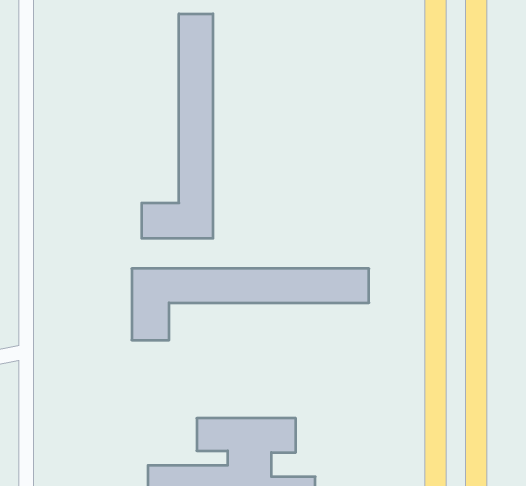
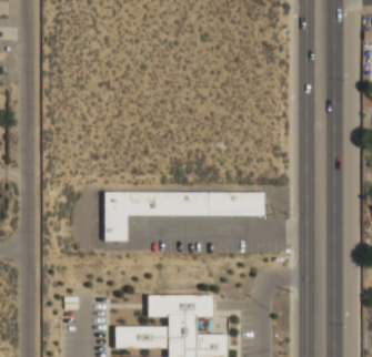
building: [142,14,213,238] -> none

